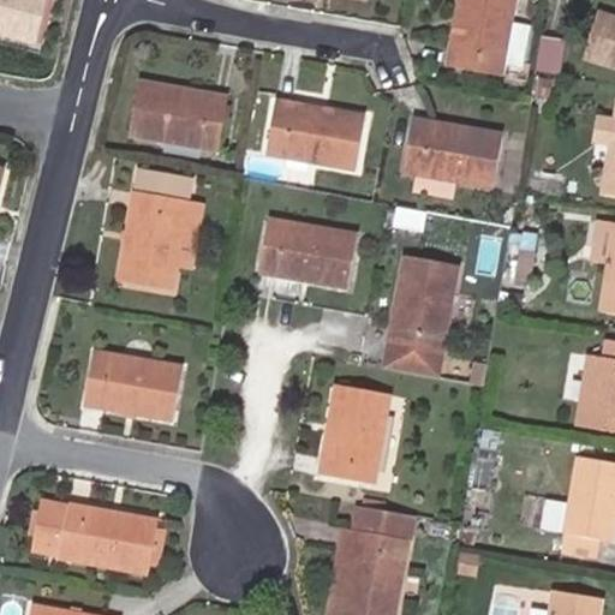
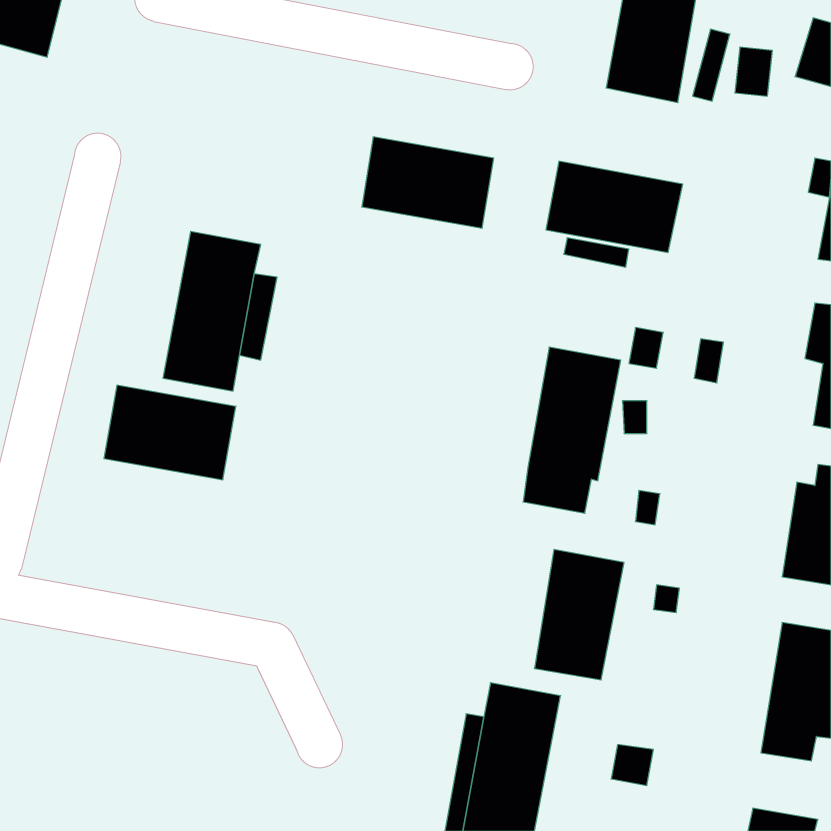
building: [129,84,228,149] -> none
building: [259,219,358,287] -> none
building: [85,350,183,419] -> [104,385,236,480]
building: [323,386,389,482] -> [534,549,624,680]
building: [34,500,159,571] -> none

